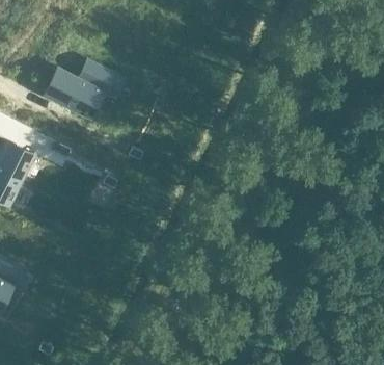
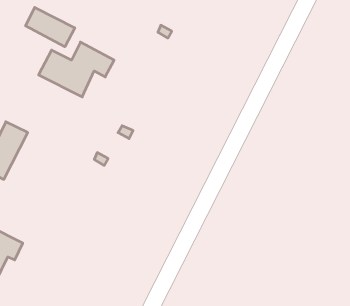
building: none -> [26,7,75,47]

